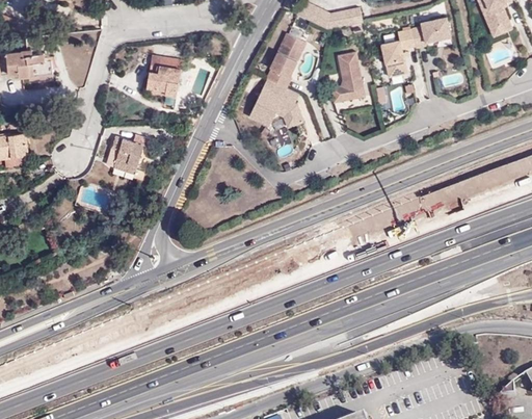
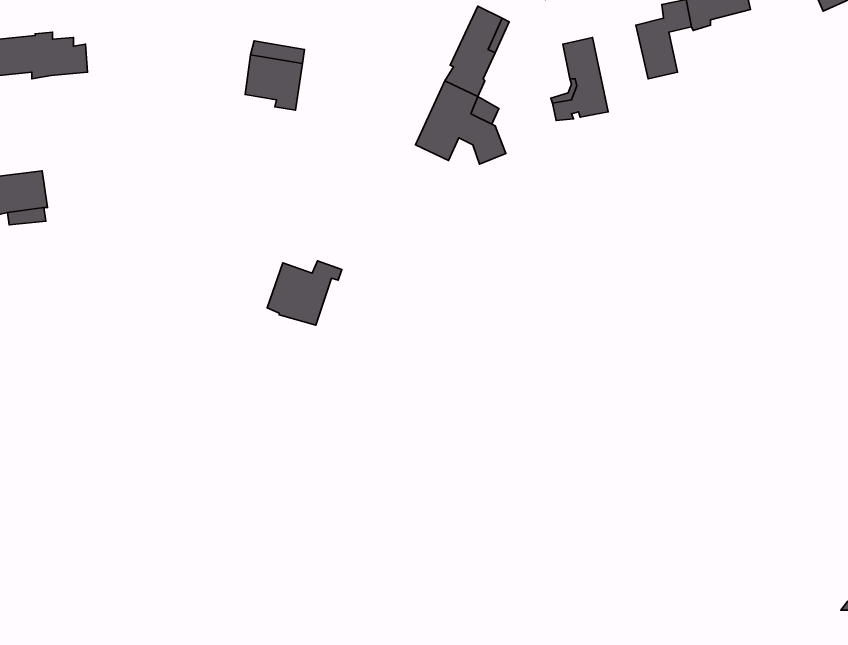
building: [107,135,152,174] -> [267,261,342,325]

